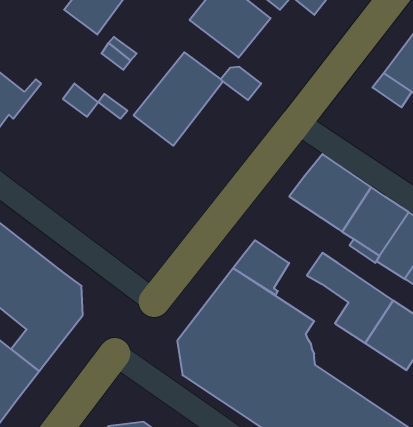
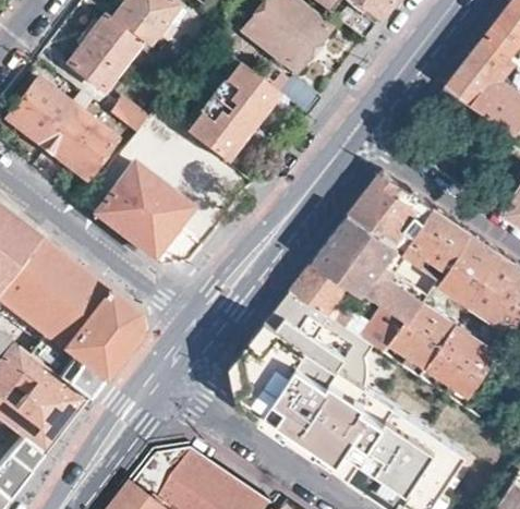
building: none -> [69,15,149,90]
building: none -> [53,97,117,179]
building: none -> [95,163,191,258]
building: none -> [313,216,400,299]
building: none -> [362,307,411,357]

